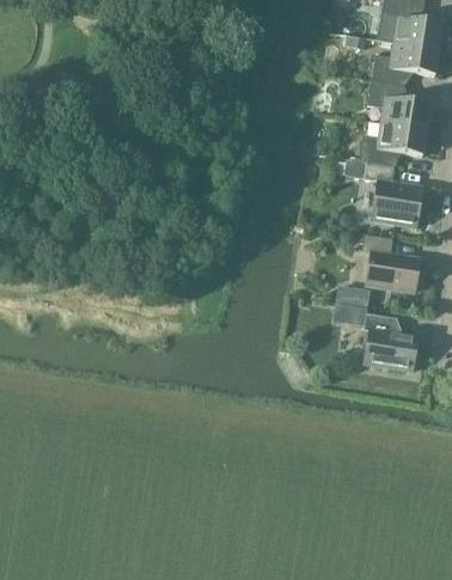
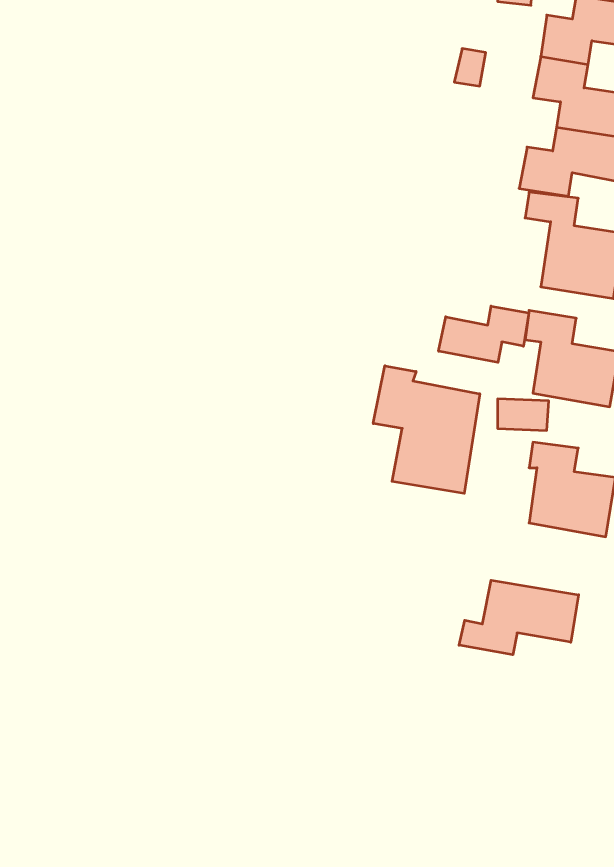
building: none -> [439,306,529,362]
building: none -> [373,366,480,493]
building: none -> [459,580,579,655]

